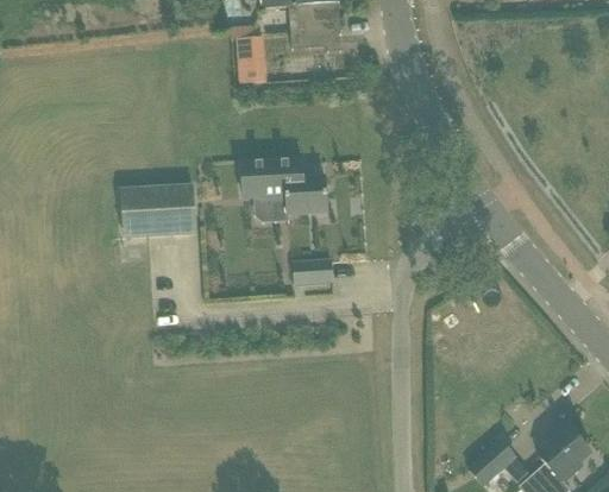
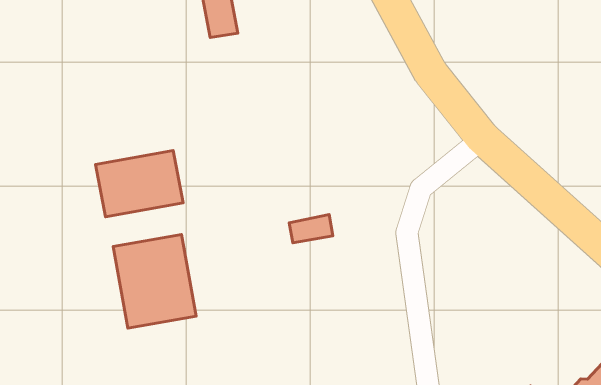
building: [240,159,328,213] -> none
building: none -> [113,235,196,328]

